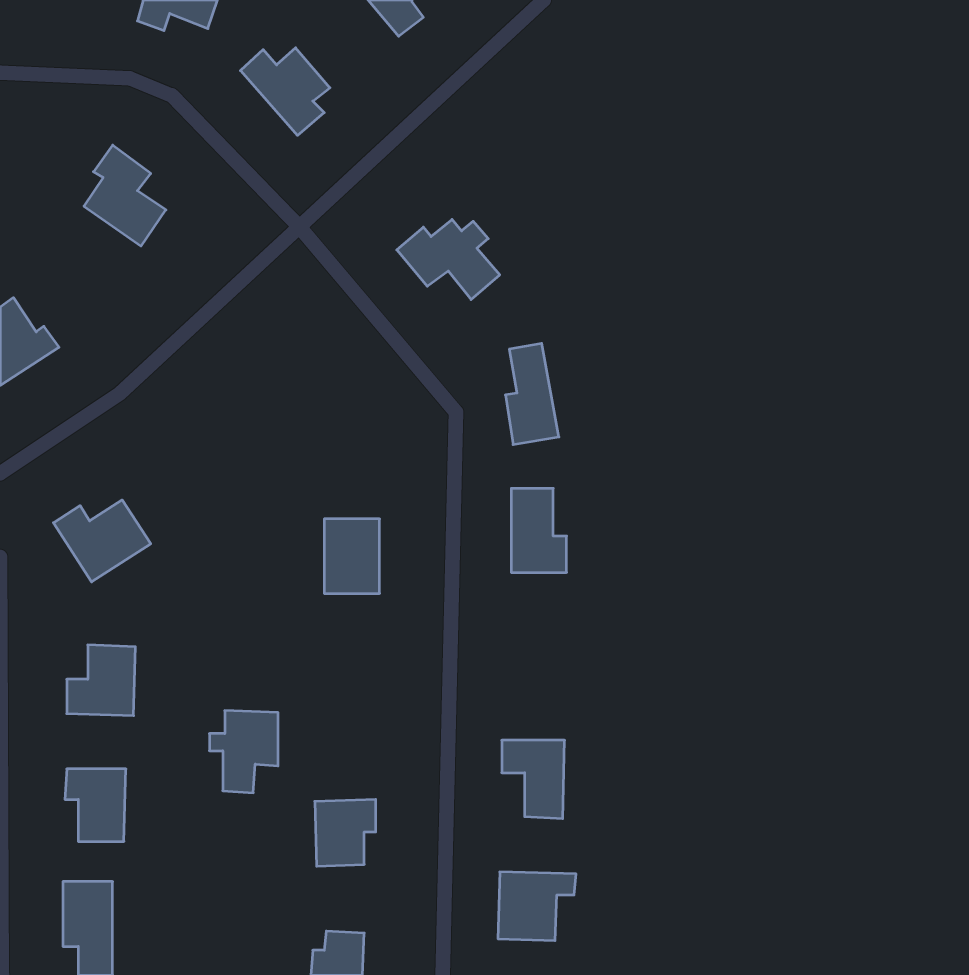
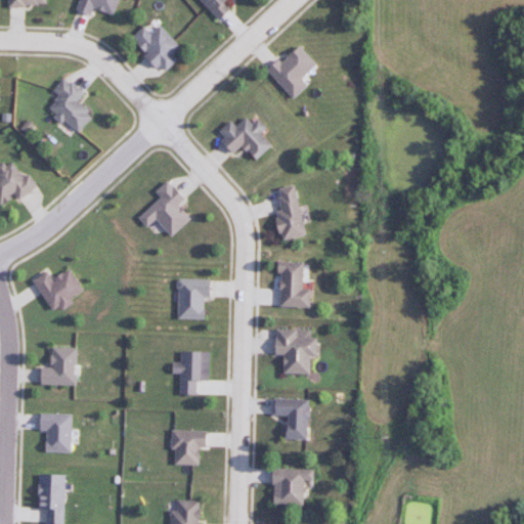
building: none -> [268,44,316,92]
building: none -> [138,181,191,236]
building: none -> [273,328,314,373]
building: [209,711,278,793] -> [173,350,210,394]

